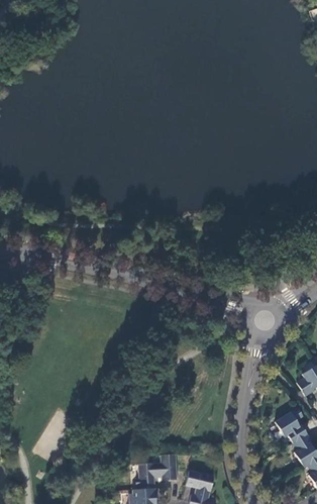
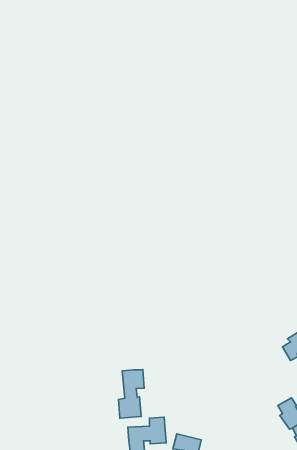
building: none -> [118,369,144,418]
building: [275,407,306,441] -> none

